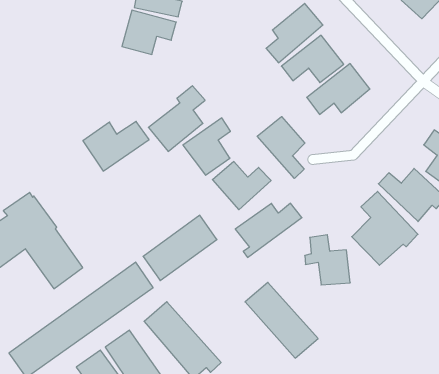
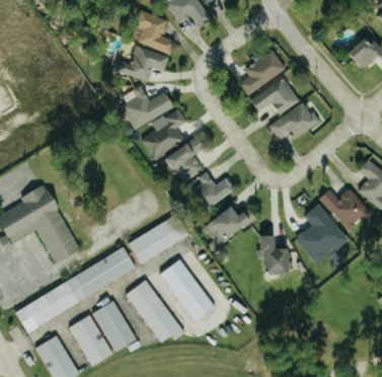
building: [257,117,305,178] -> none
building: [83,121,149,171] -> [122,91,174,130]
building: [245,282,318,358] -> [159,258,215,320]

